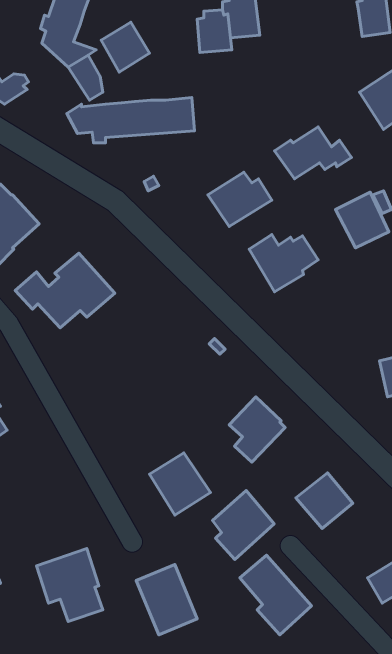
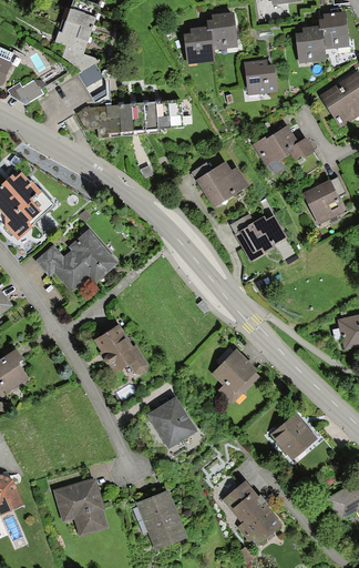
building: none -> [296,26,325,62]
building: [101,22,149,72] -> none
building: none -> [244,59,277,94]
building: none -> [93,324,147,384]
building: [212,490,274,559] -> none

